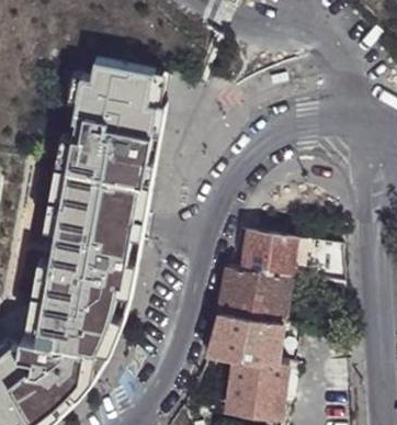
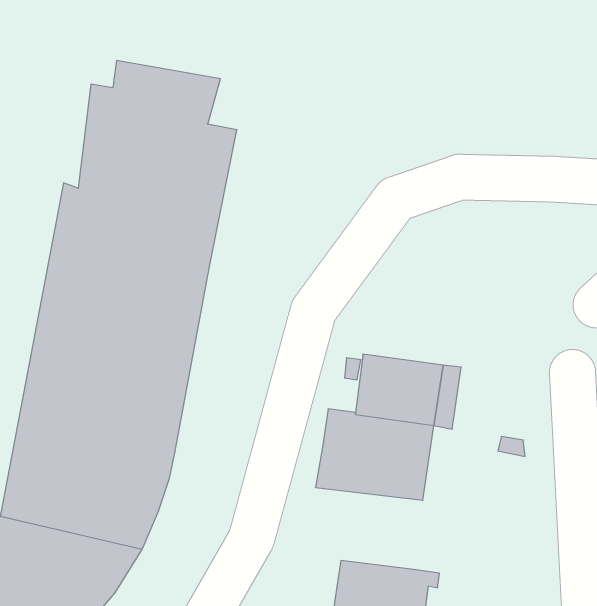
building: [205,310,281,359] -> none

